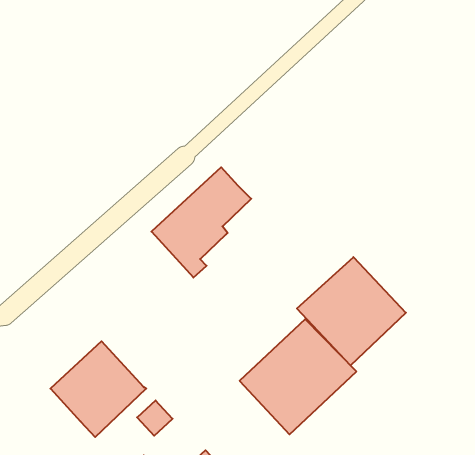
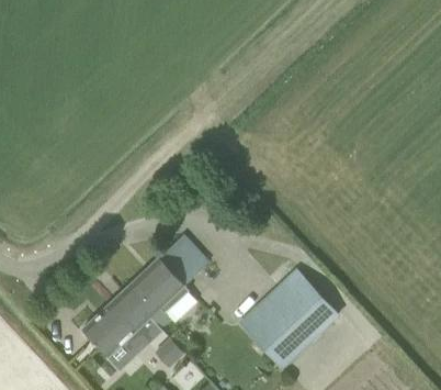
building: [151,167,251,278] -> [125,235,208,327]
building: [297,257,406,365] -> none

